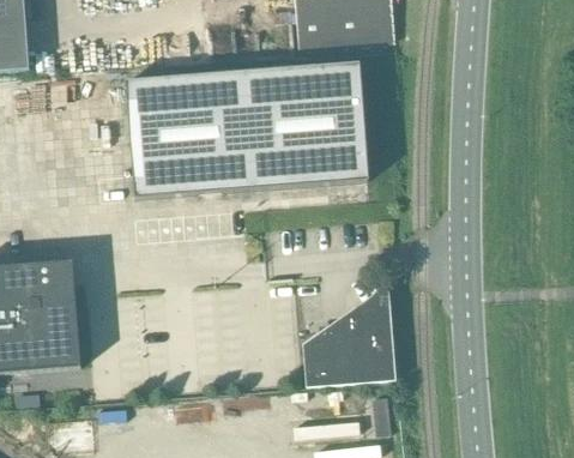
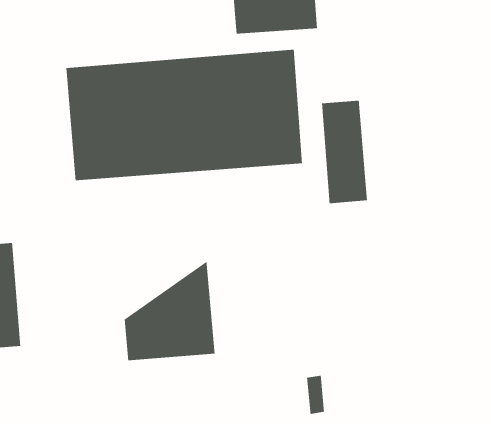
building: none -> [321,100,368,204]
building: [302,282,395,385] -> [124,260,215,361]

